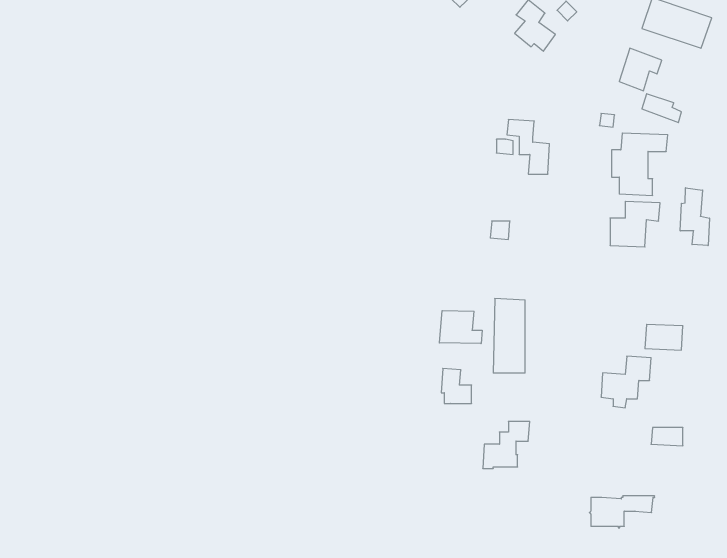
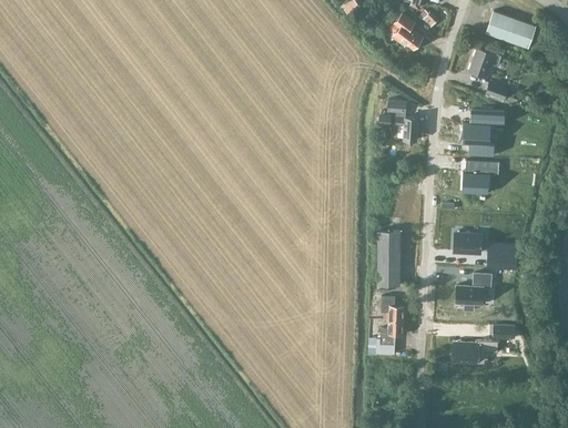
building: [680,188,709,246] -> none
building: none -> [453,233,480,253]
building: [439,311,482,344] -> none
building: [441,368,472,403] -> [381,295,403,320]
building: [589,496,655,528] -> [452,340,499,364]

